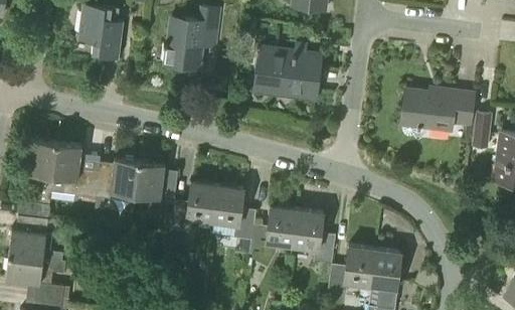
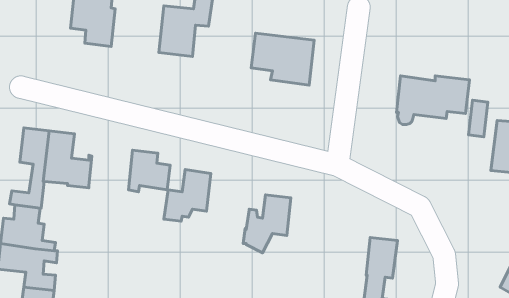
building: [96,159,139,201] -> none
building: [212,185,255,241] -> none
building: [292,209,334,265] -> none
building: [327,246,374,296] -> none

